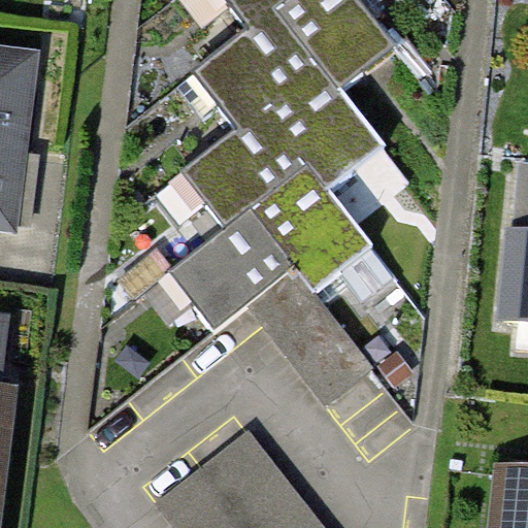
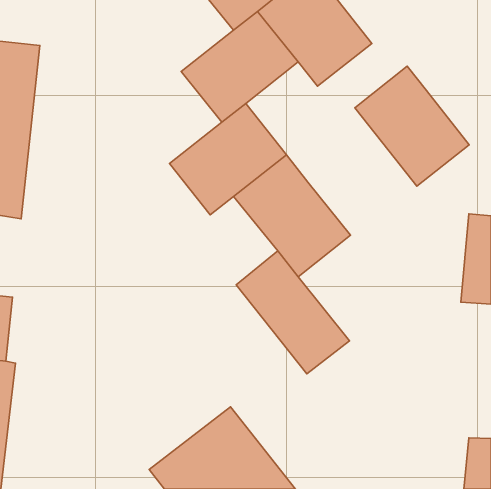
building: [262,66,384,194] -> [355,66,469,186]
building: [169,209,296,331] -> none

